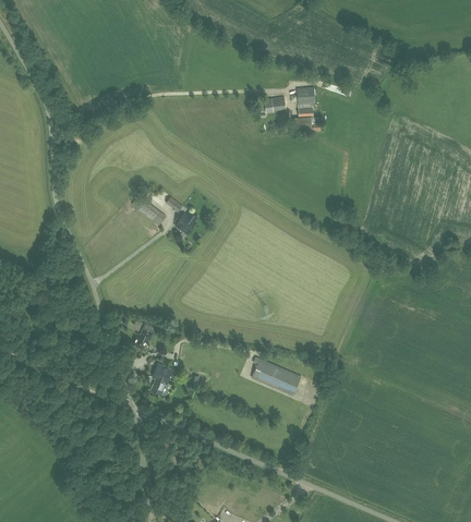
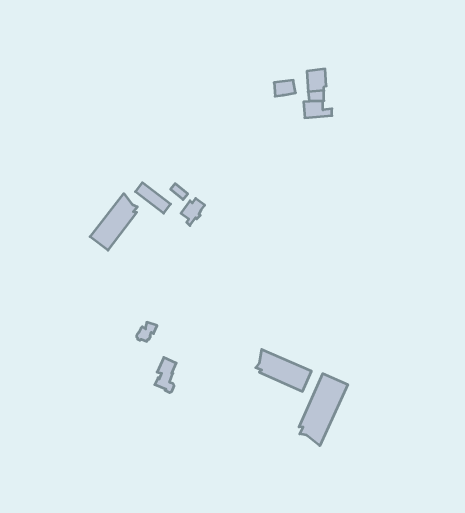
building: none -> [90,194,137,250]
building: none -> [299,374,348,446]

